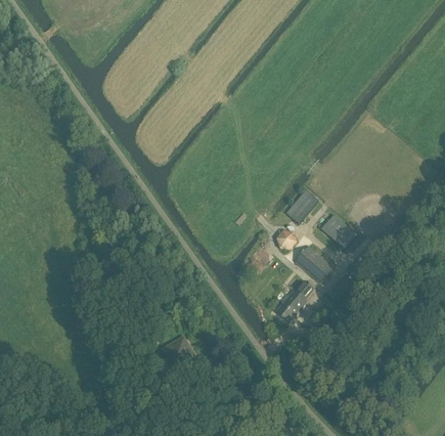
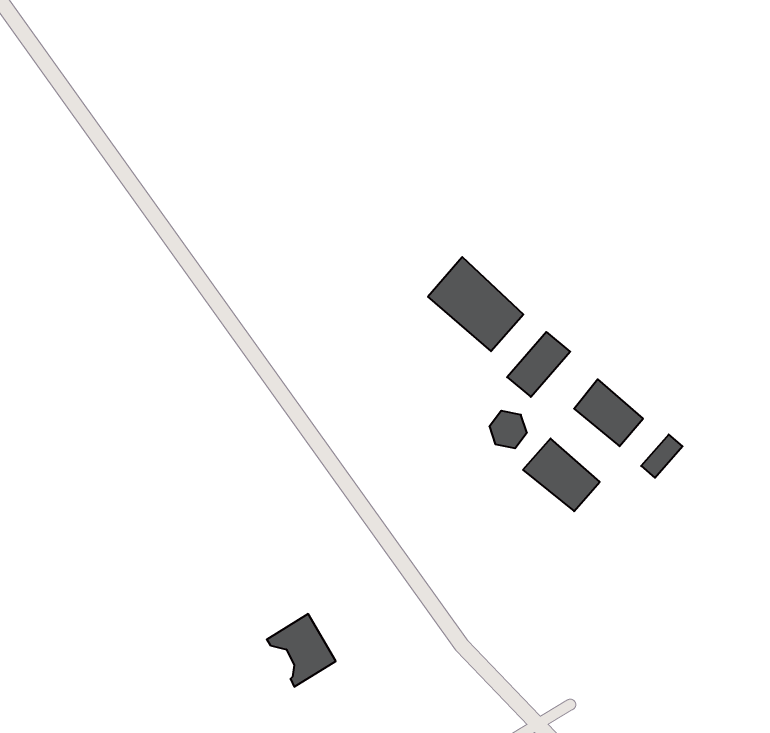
building: none -> [428,257,523,351]
building: [276,279,314,322] -> none

